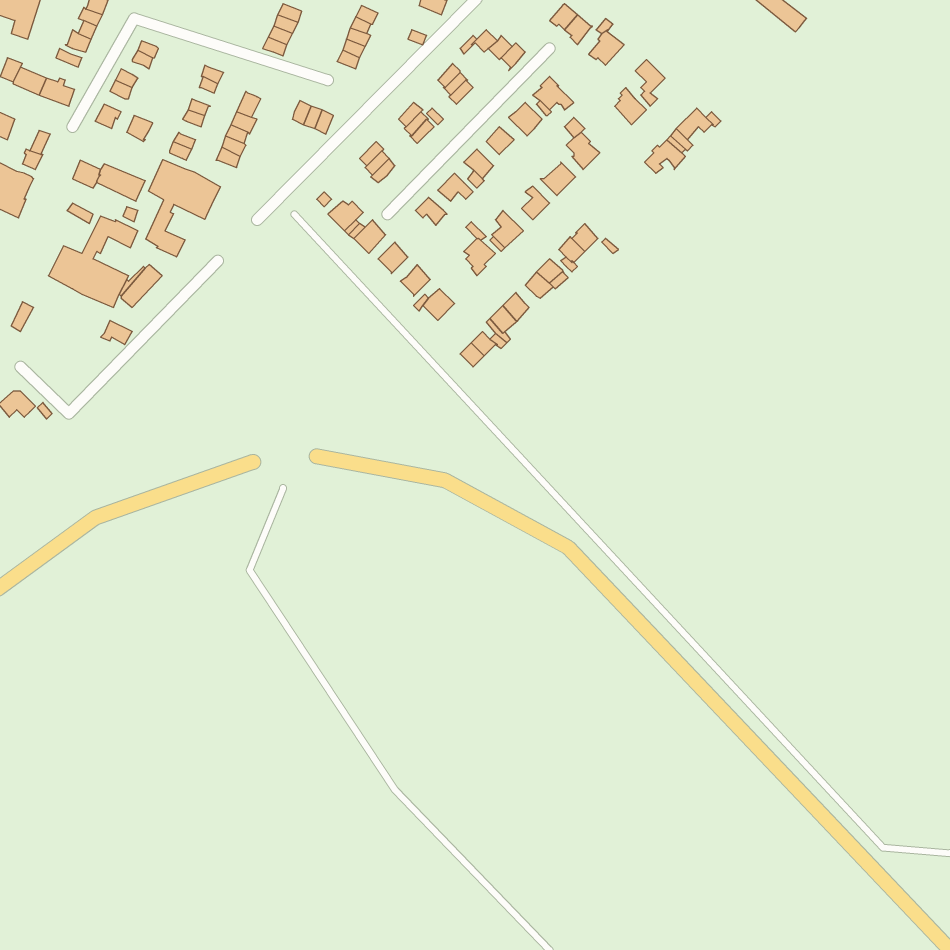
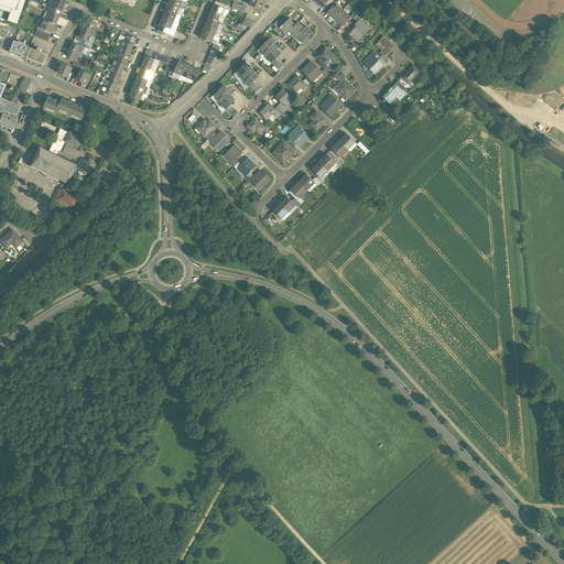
building: [146,160,220,257] -> none

